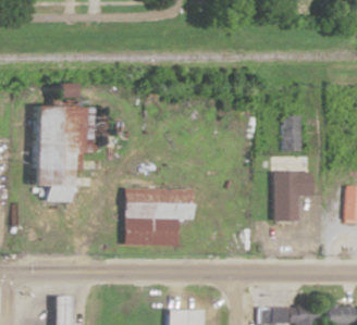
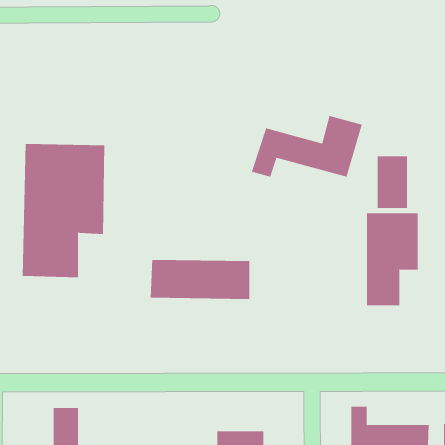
building: none -> [251,115,362,178]
building: [122,220,176,251] -> none

